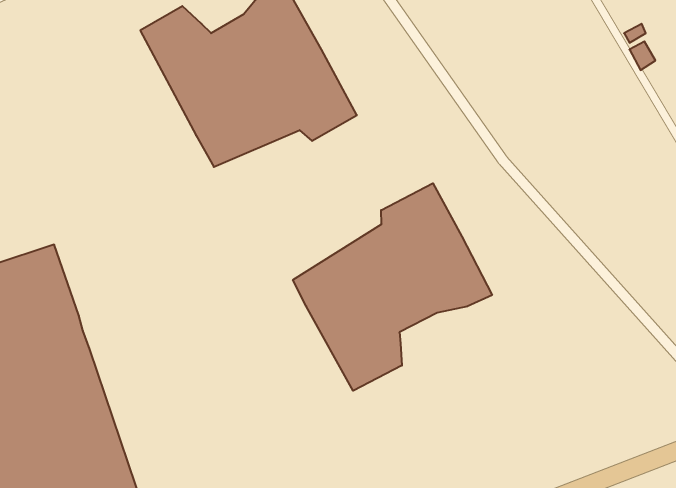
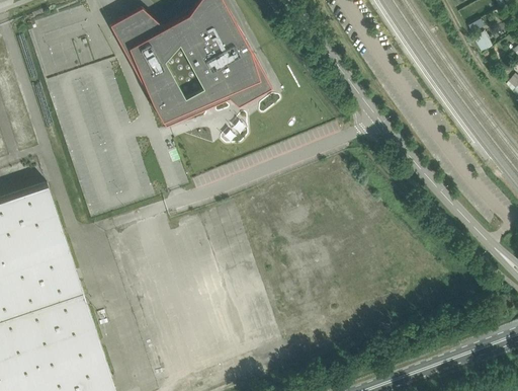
building: [293,183,492,391] -> none

